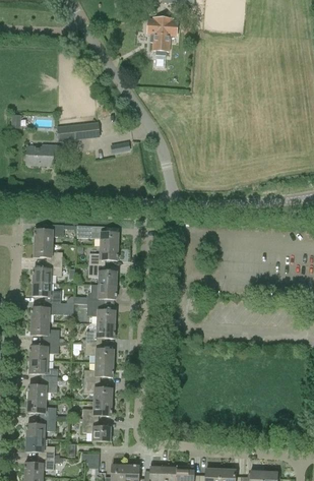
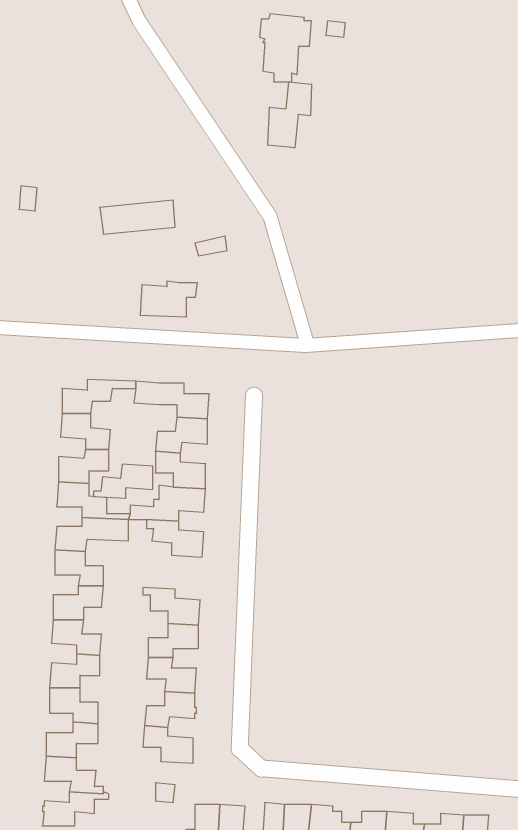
building: none -> [268,82,312,148]
building: [26,144,59,165] -> [140,281,197,317]
building: [81,323,115,343] -> [94,464,153,498]

